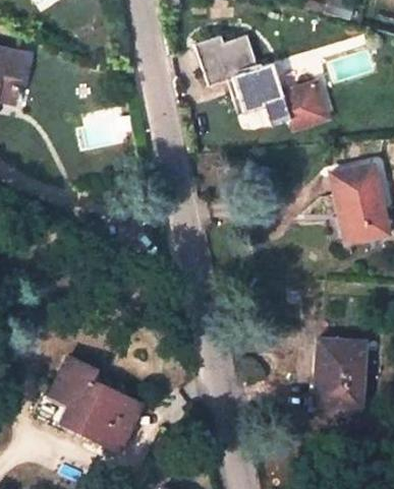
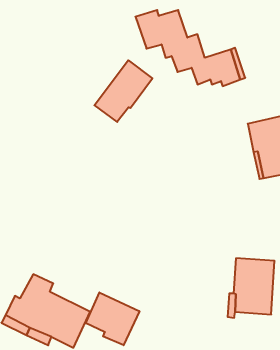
building: none -> [94,60,152,122]
building: none -> [86,292,139,345]

